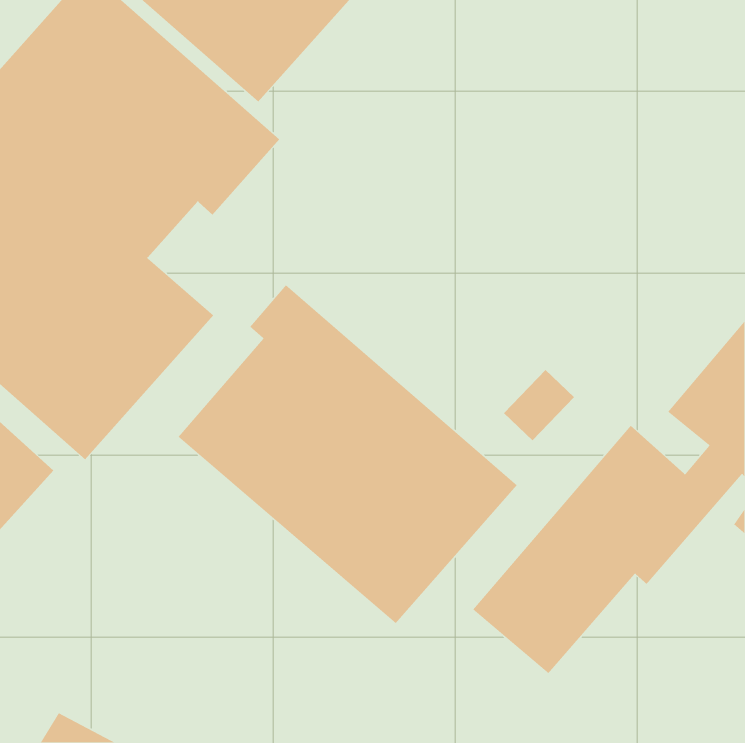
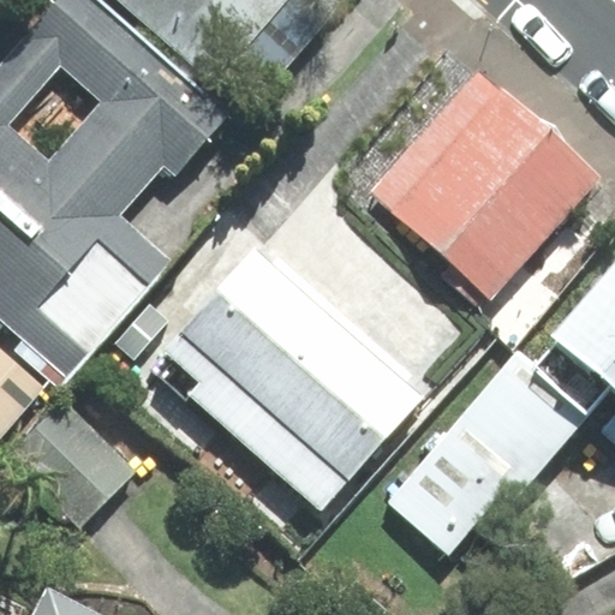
building: none -> [369,70,602,303]
building: none -> [6,399,136,527]

